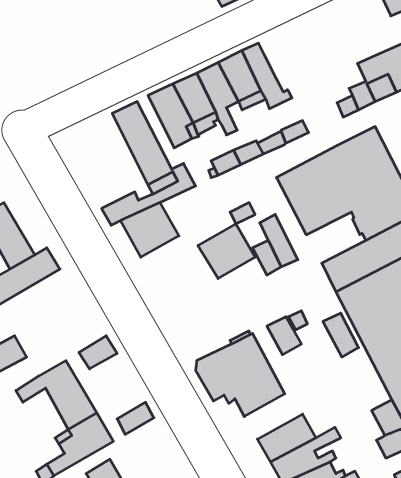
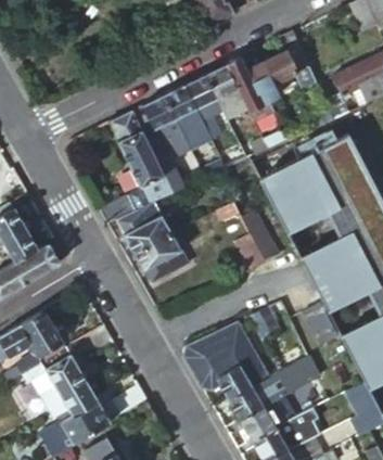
building: none -> [247,31,309,102]
building: [198,224,255,279] -> [135,233,187,283]
building: none -> [17,310,62,373]
building: none -> [229,356,317,419]

